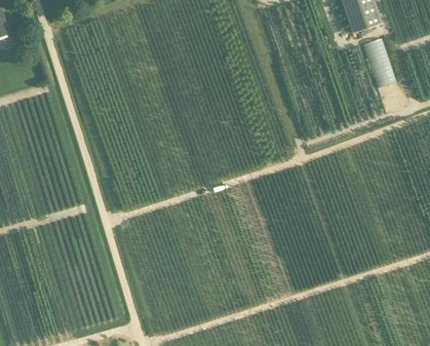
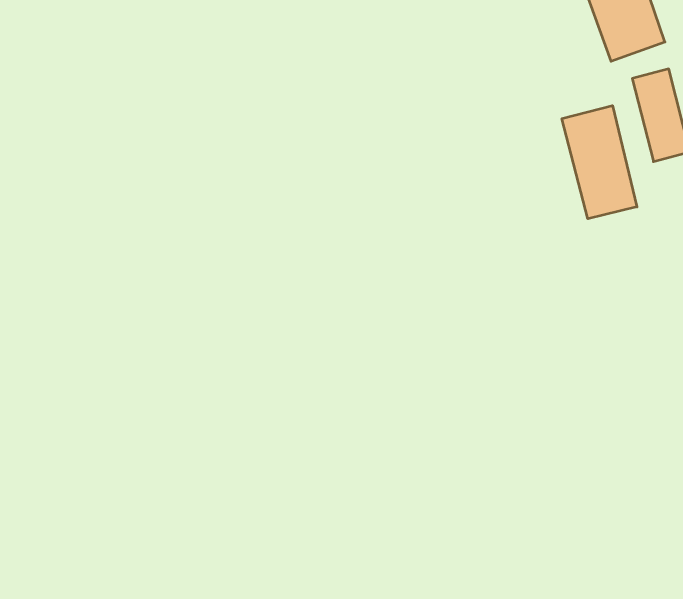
building: none -> [562,106,637,219]

